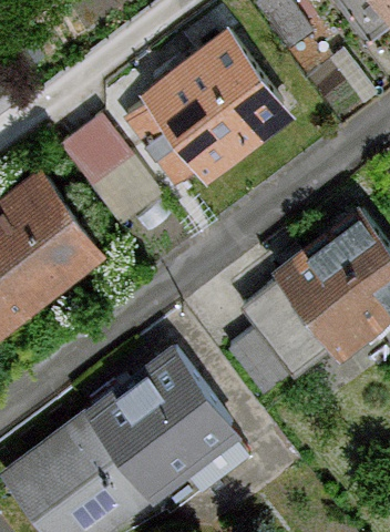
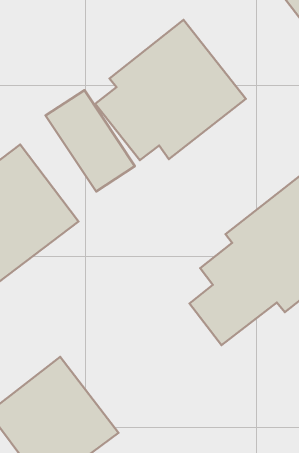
building: [83,346,237,499] -> none

